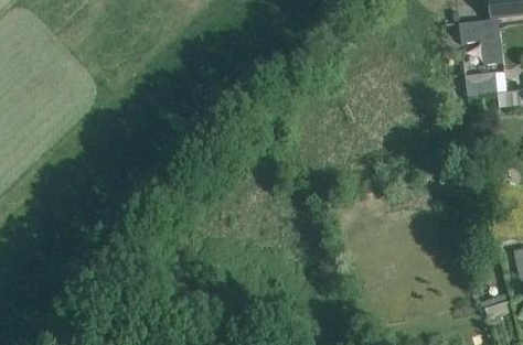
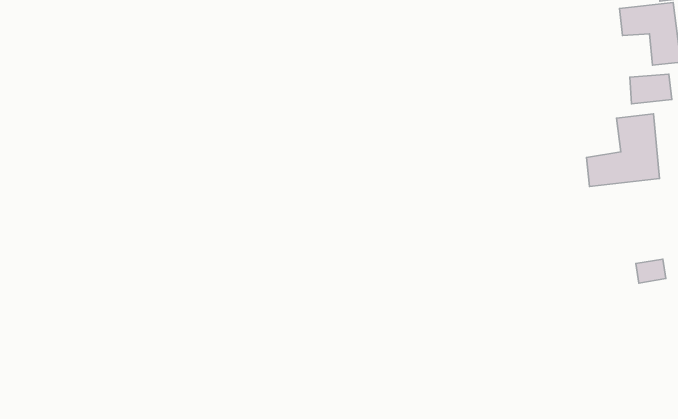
building: none -> [586,114,660,186]

